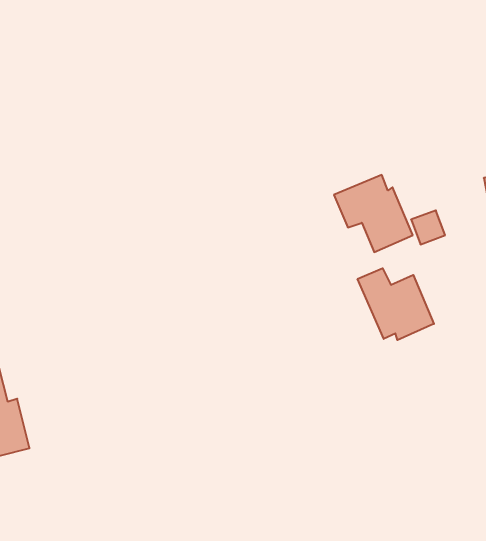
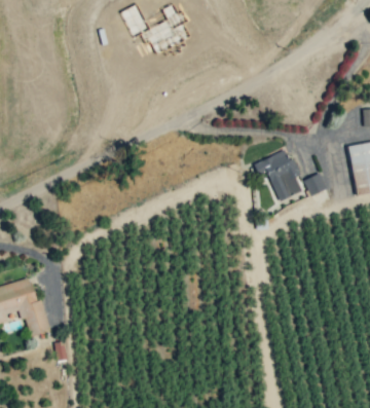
building: [358,268,434,340] -> none

